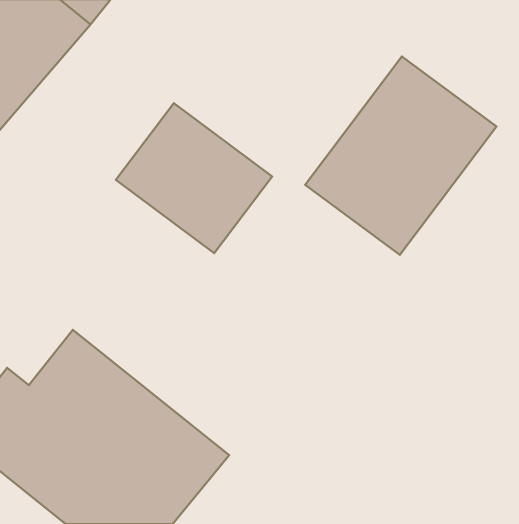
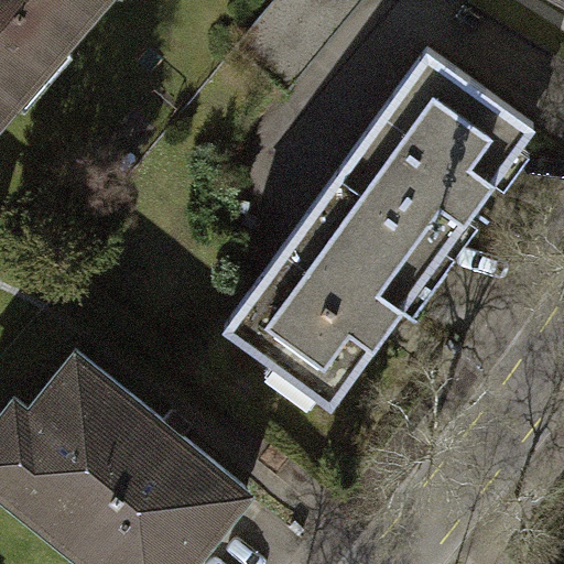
building: [116,103,272,253] -> none
building: none -> [225,198,429,411]

